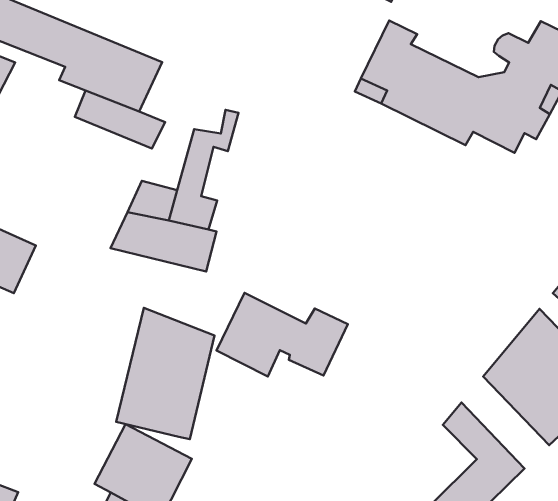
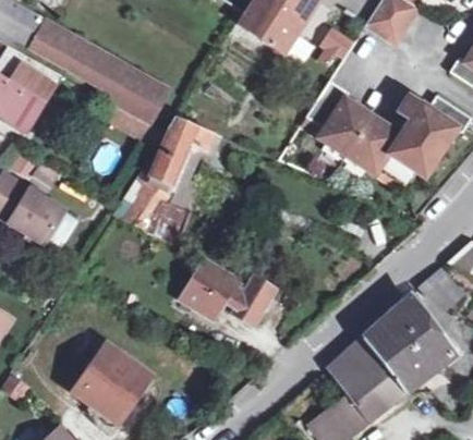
building: none -> [142,119,207,182]
building: [116,308,215,439] -> none
building: none -> [347,341,404,410]

